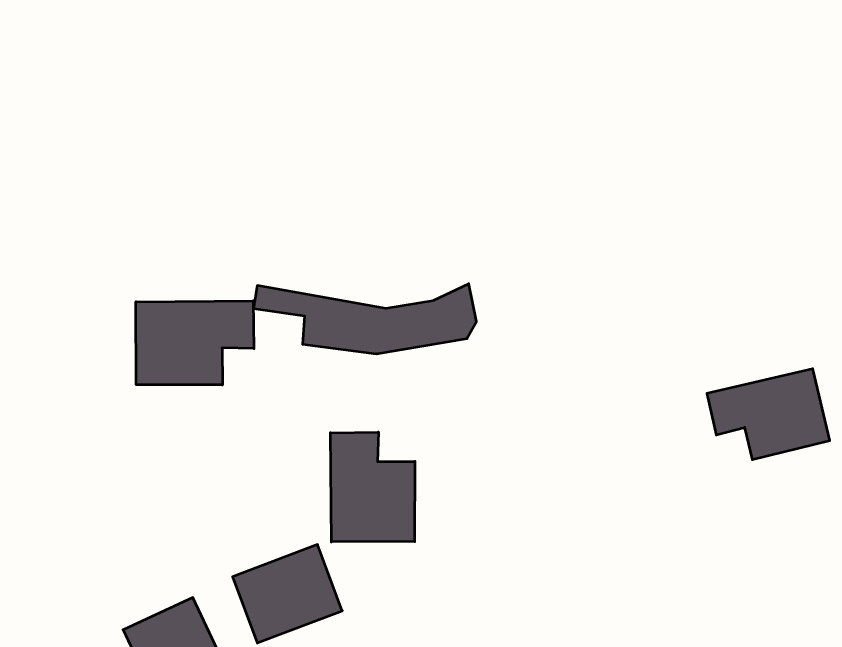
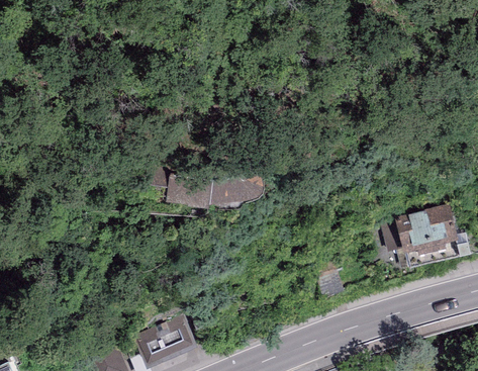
building: [136,301,254,385] -> none
building: [330,432,415,542] -> none

